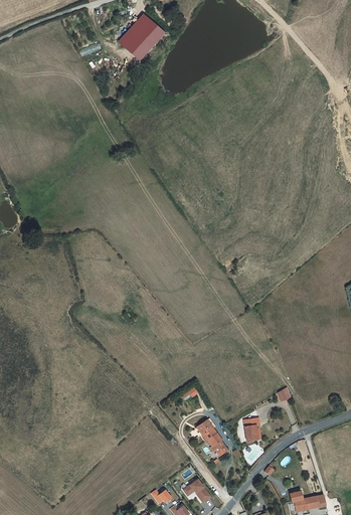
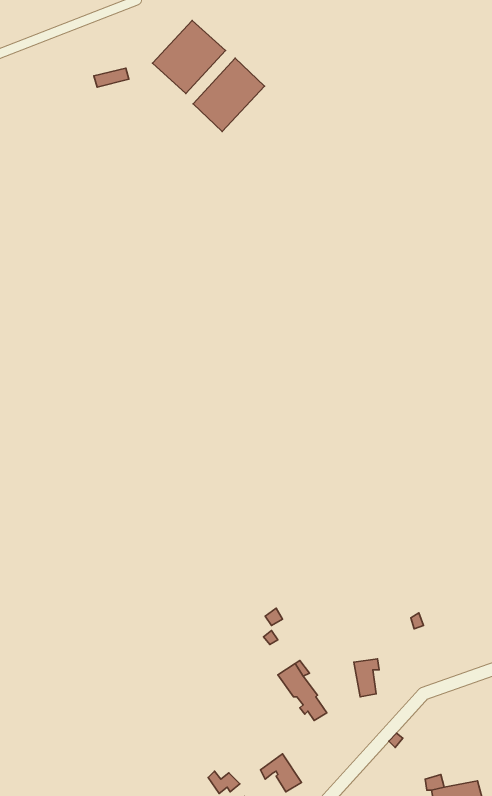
building: none -> [193,58,264,132]

